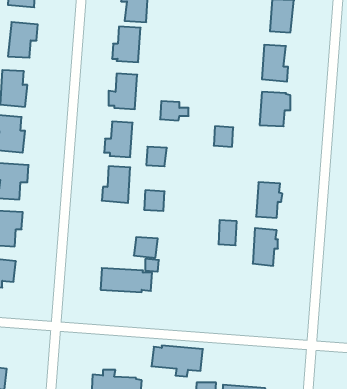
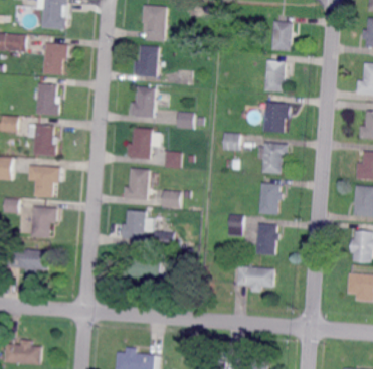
building: none -> [257,142,289,174]
building: none -> [121,210,146,239]
building: [151,346,203,377] -> [228,265,273,293]

